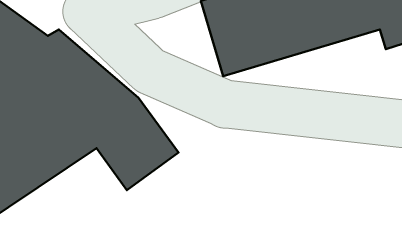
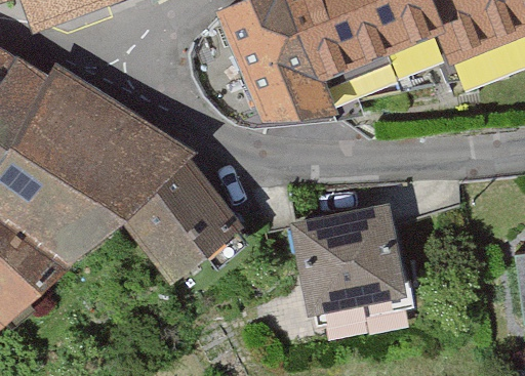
building: none -> [305,203,402,297]

